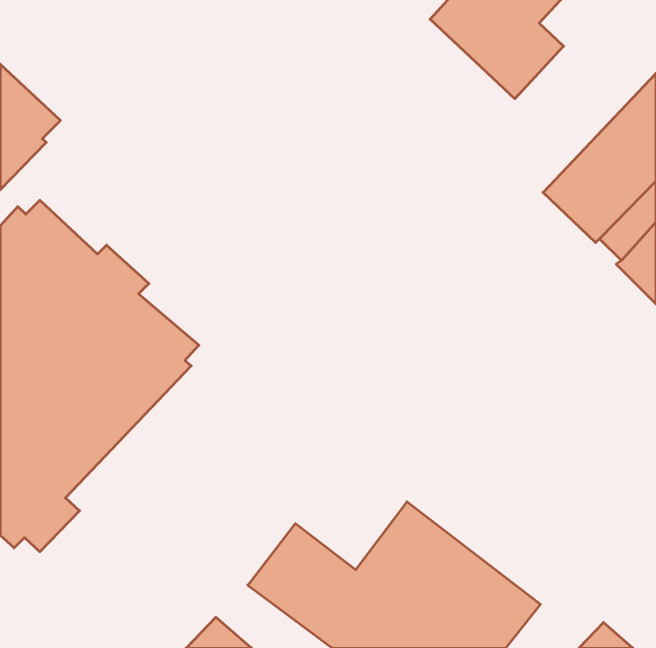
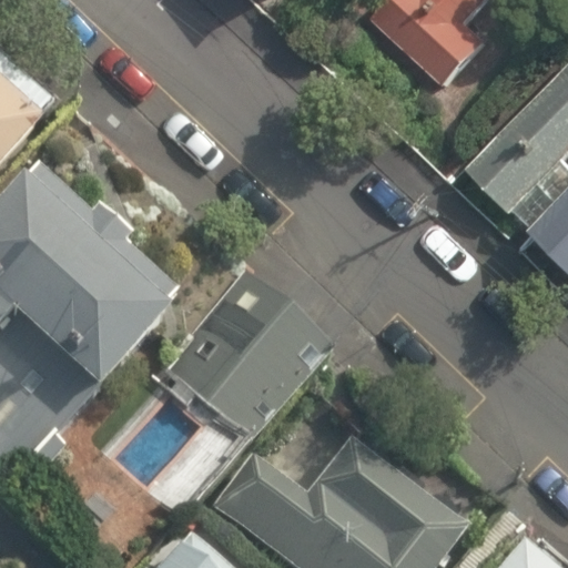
building: none -> [161,272,334,442]

